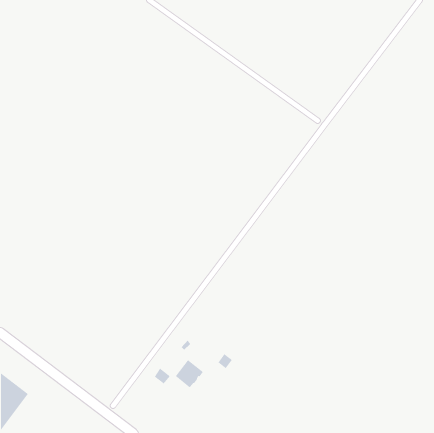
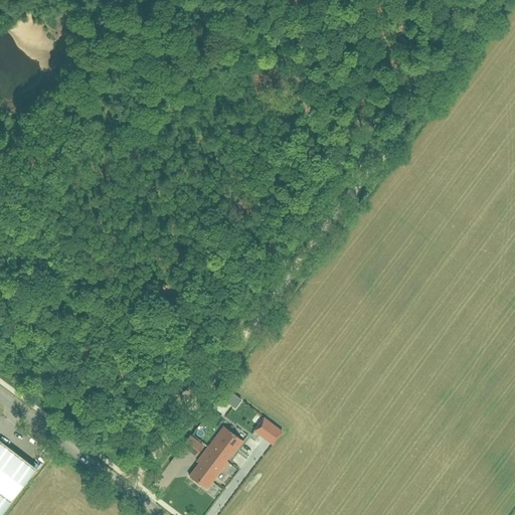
building: none -> [188,447,226,490]

